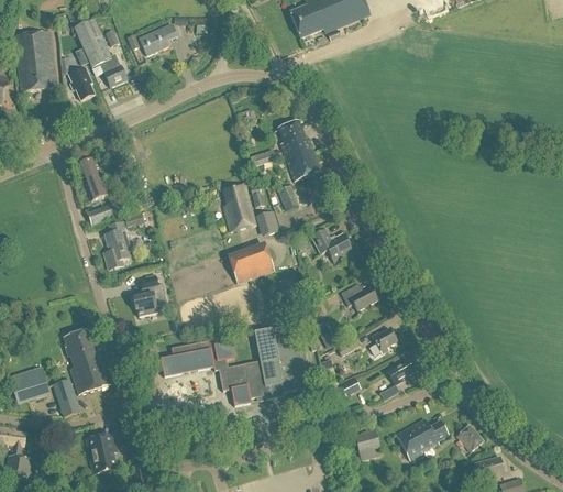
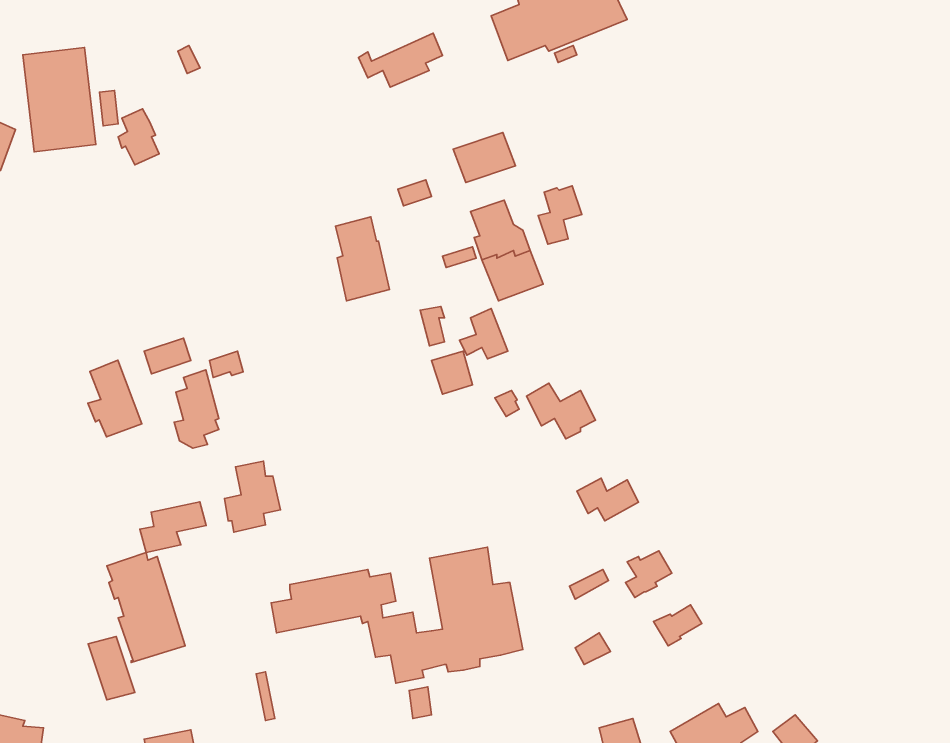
building: [74,17,128,86] -> none
building: [128,22,177,54] -> [358,33,442,87]
building: none -> [453,133,516,182]
building: none -> [538,186,582,244]
building: [76,157,108,203] -> [88,360,142,437]
building: [223,181,255,230] -> [335,217,390,301]
building: [229,245,274,282] -> none
building: none -> [140,502,206,553]
building: [9,365,49,403] -> none

